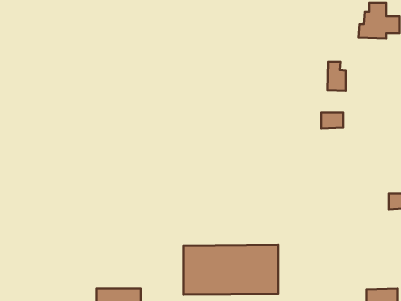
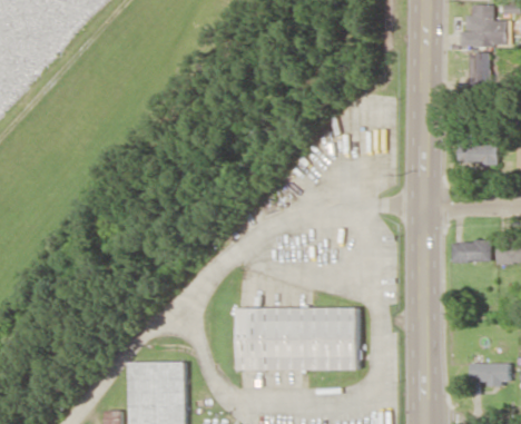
building: [327,62,346,91] -> [468,53,491,90]
building: [321,112,343,128] -> [470,146,498,166]
building: none -> [452,241,491,263]

